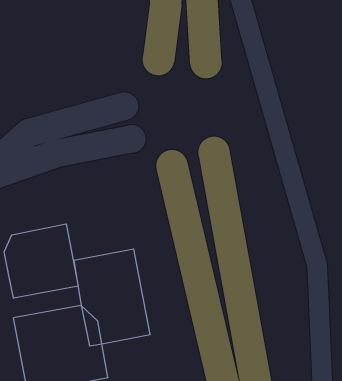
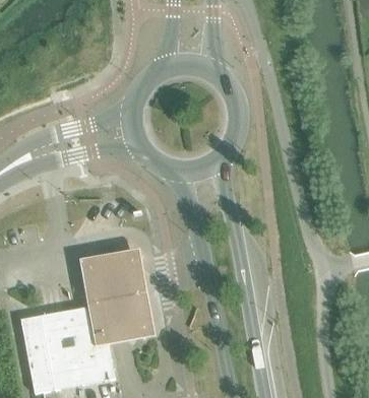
building: [4,224,78,298] -> none

